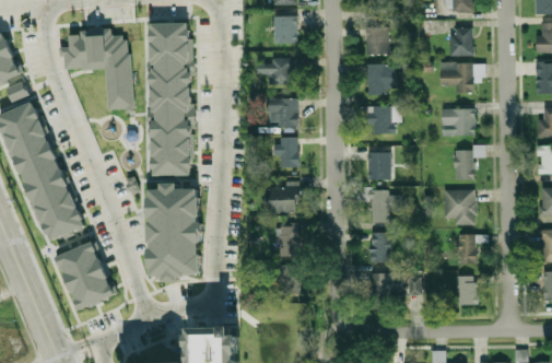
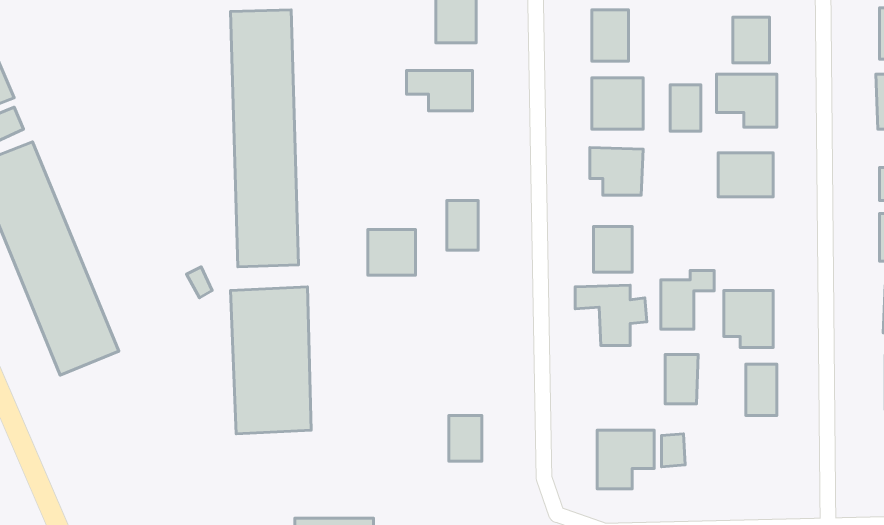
building: [66,36,134,110] -> none
building: none -> [670,85,701,131]
building: [268,98,297,127] -> none
building: [455,145,486,180] -> [661,271,714,329]
building: [271,186,300,213] -> [368,229,415,275]
building: [280,226,300,261] -> none
building: [371,234,390,264] -> [665,354,698,404]
building: [58,244,115,312] -> none
building: [457,277,478,306] -> none

